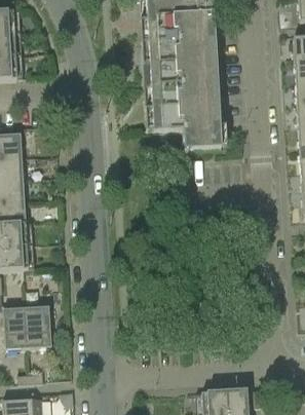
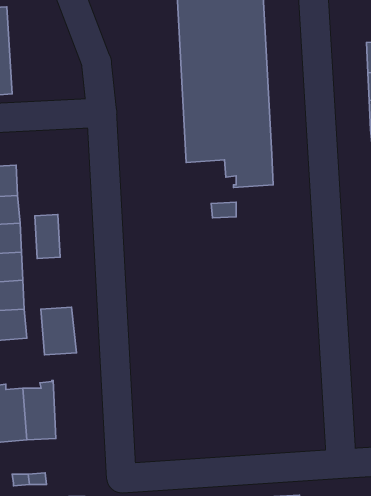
building: none -> [35,215,60,259]
building: none -> [41,307,76,355]

